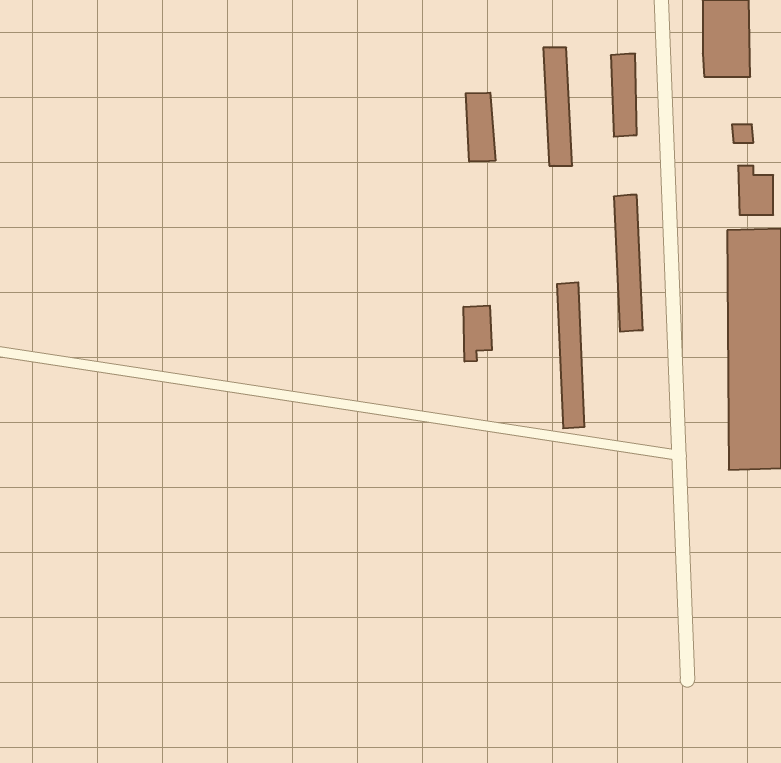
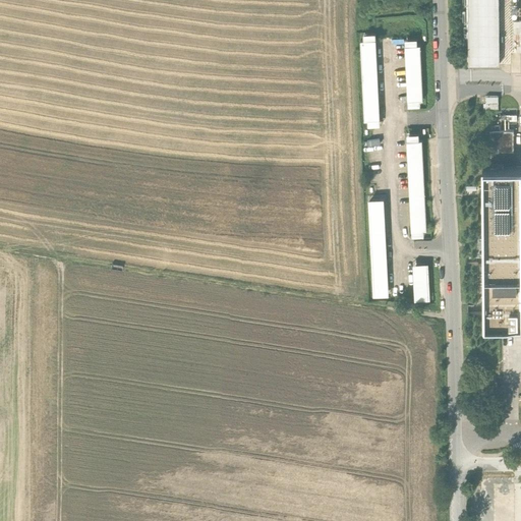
building: [466,93,495,162] -> none
building: [464,306,492,362] -> none
building: none -> [413,266,430,301]

